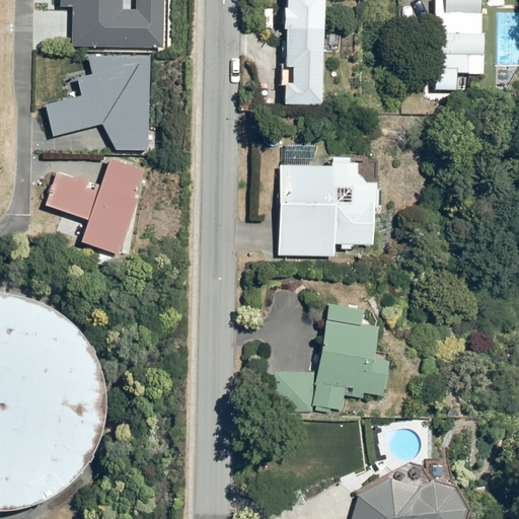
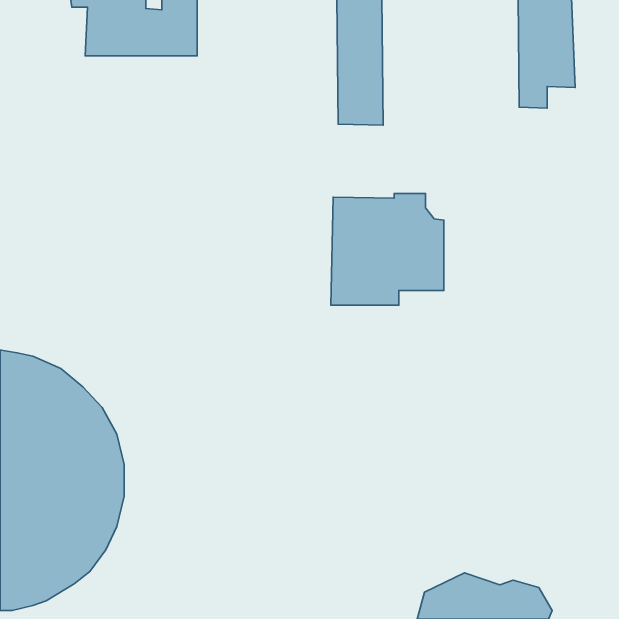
building: [48,56,153,147] -> none
building: [49,158,147,252] -> none
building: [275,303,388,412] -> none

